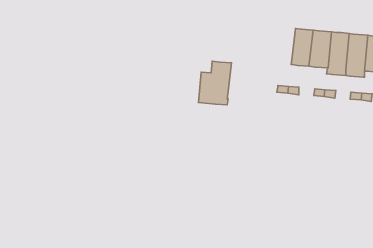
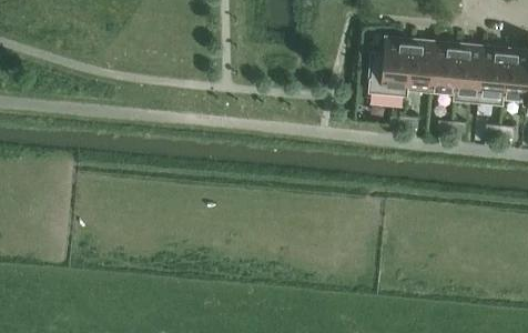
building: [199,61,231,105] -> [369,37,413,94]

